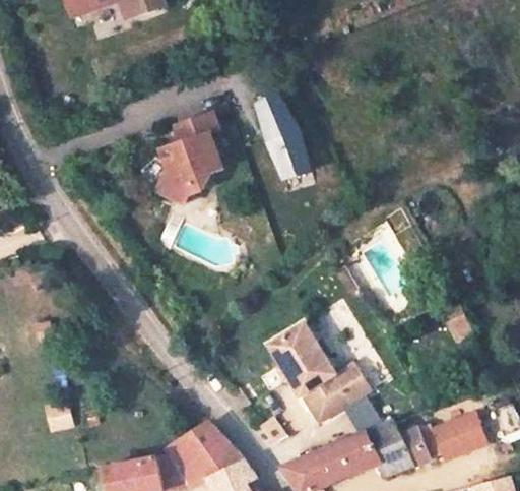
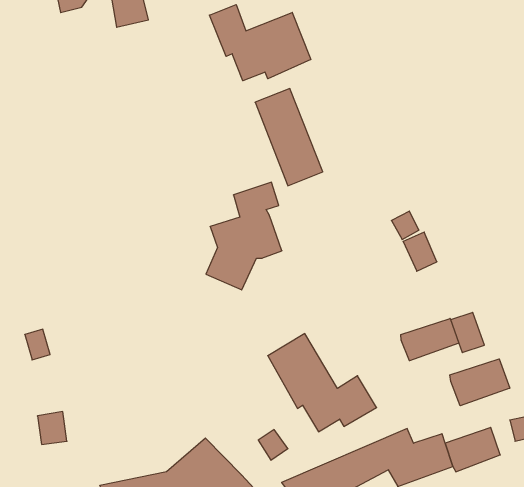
building: none -> [209,5,311,81]
building: [147,116,220,220] -> [206,182,282,290]
building: none -> [401,318,459,361]
building: none -> [450,359,510,406]

